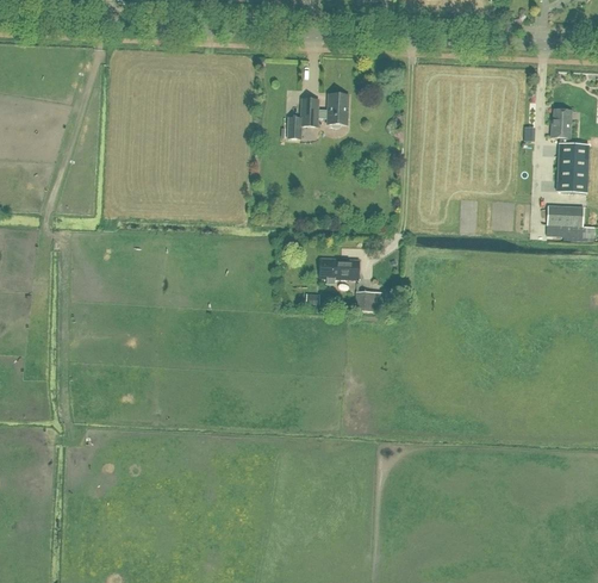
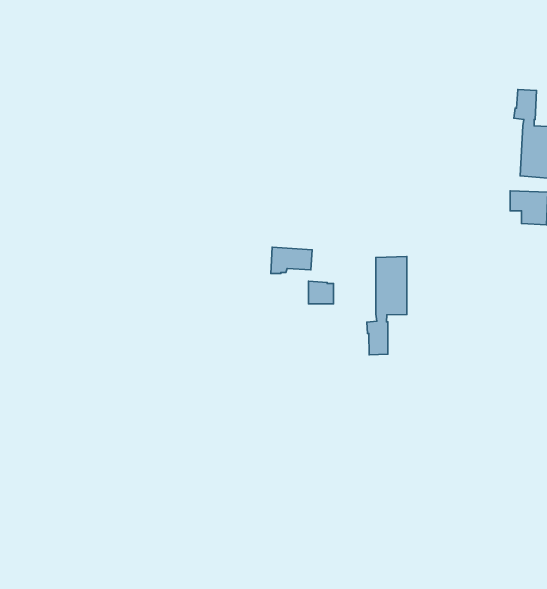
building: [287,93,348,137] -> none
building: none -> [367,257,407,355]

